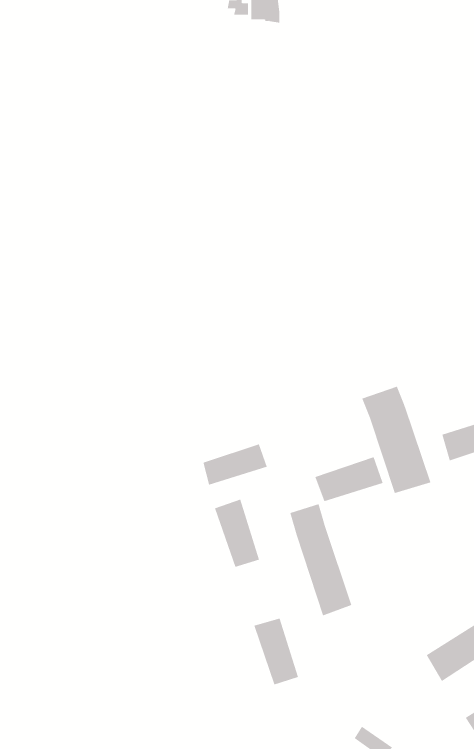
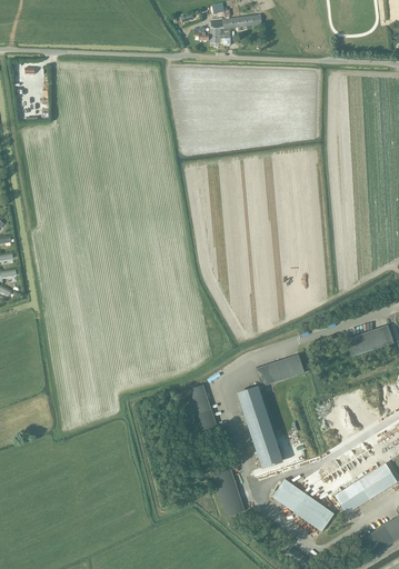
building: [362,386,431,494] -> none
building: [203,444,268,485] -> none
building: none -> [272,478,335,531]

